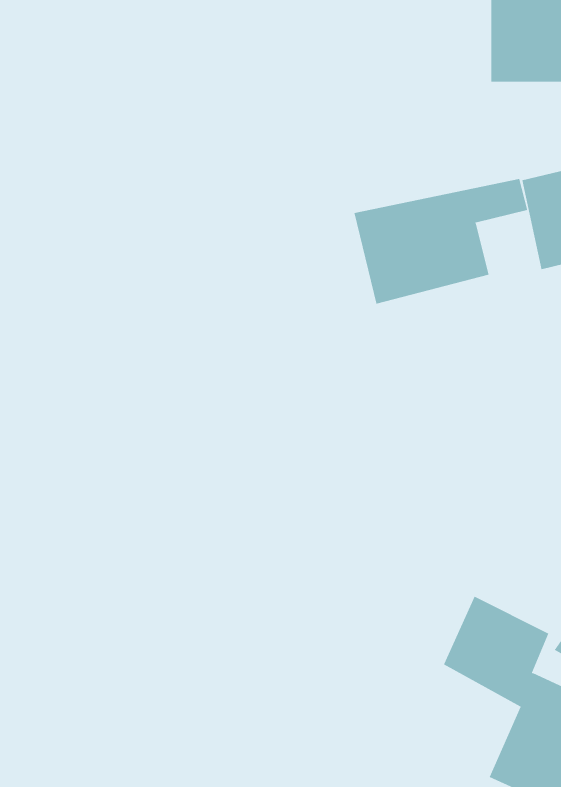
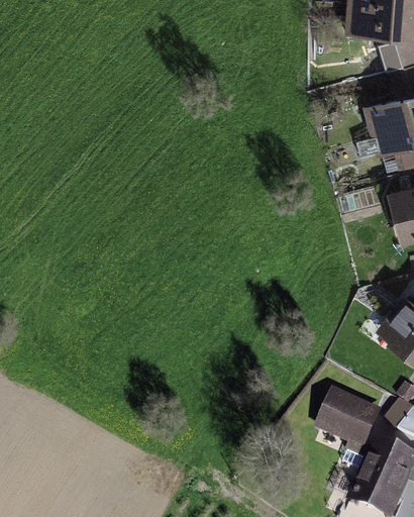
building: [354,178,528,305] -> none

